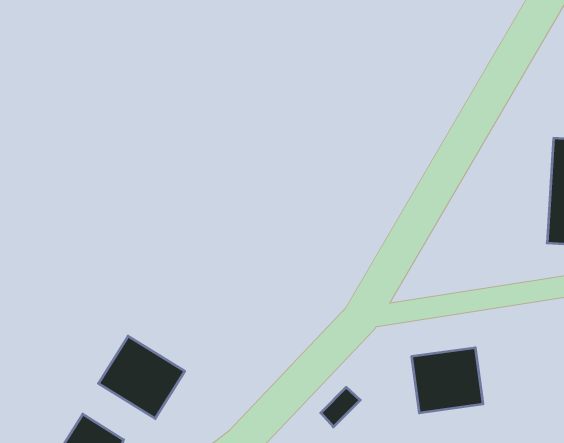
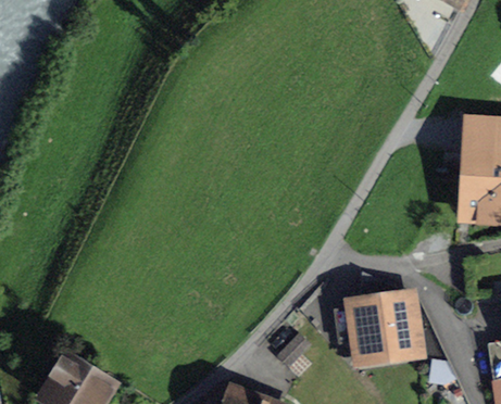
building: [98,336,185,419] -> none

